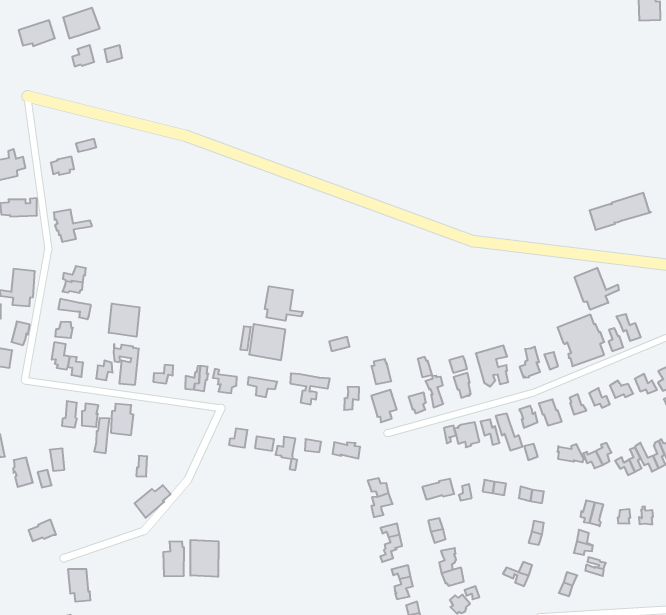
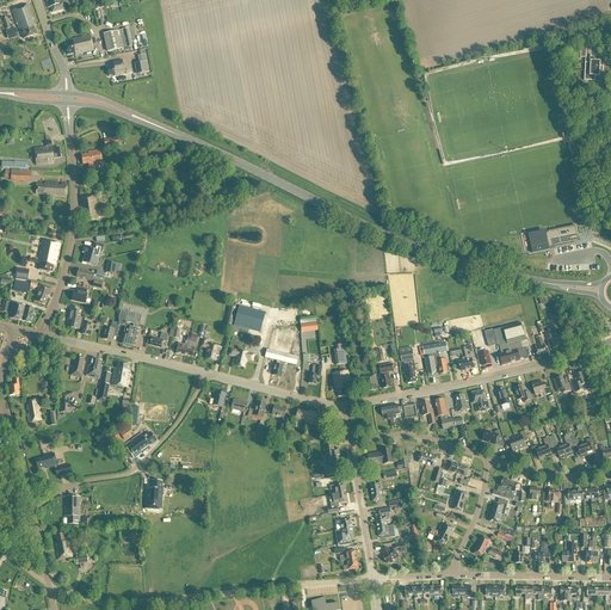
building: [575,268,619,310] -> none
building: [265,286,303,321] -> none
building: [109,303,140,337] -> none
building: [190,540,218,577] -> none

